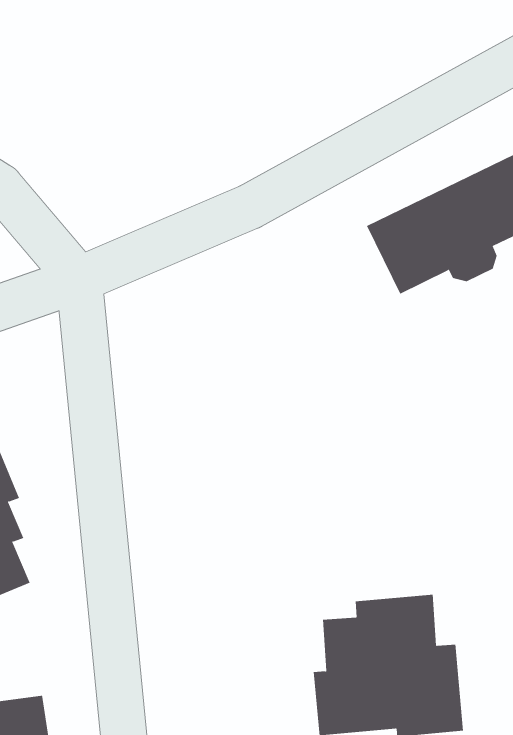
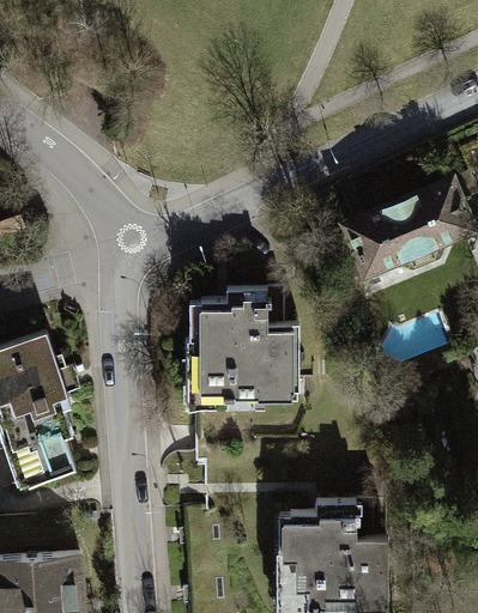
building: none -> [189,291,297,394]

